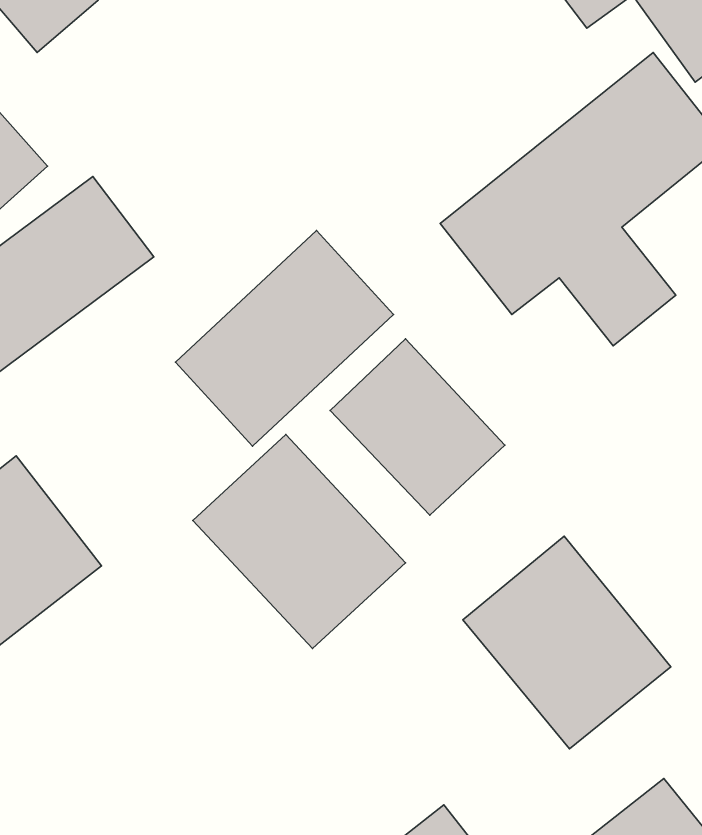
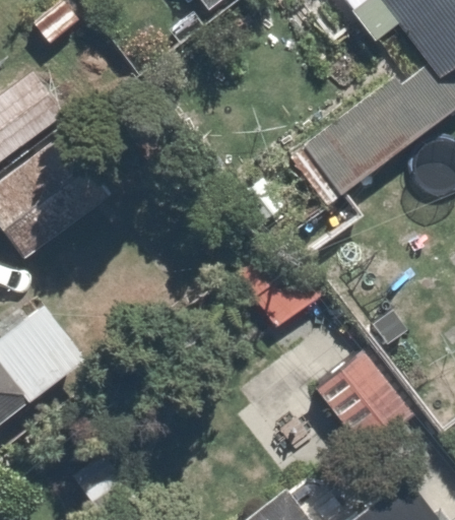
building: [175,231,393,446] -> none
building: [193,435,406,648] -> none

